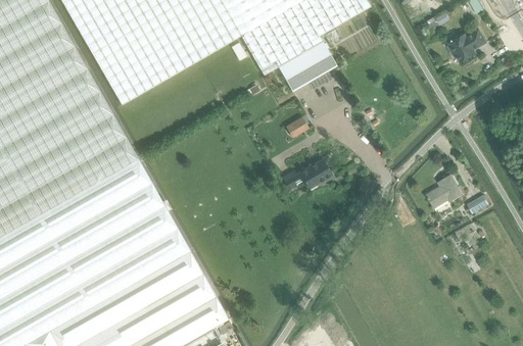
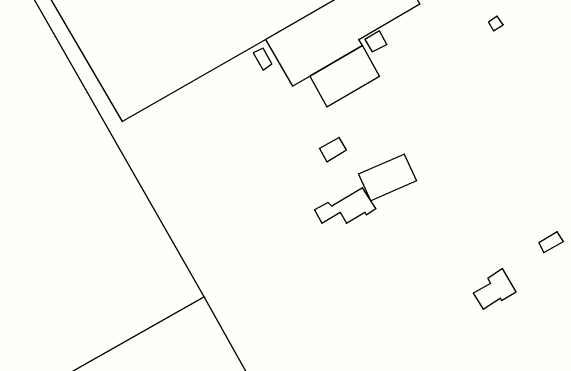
building: [447,29,486,62] -> none
building: none -> [359,154,416,201]
building: [426,175,462,208] -> [473,269,516,309]

